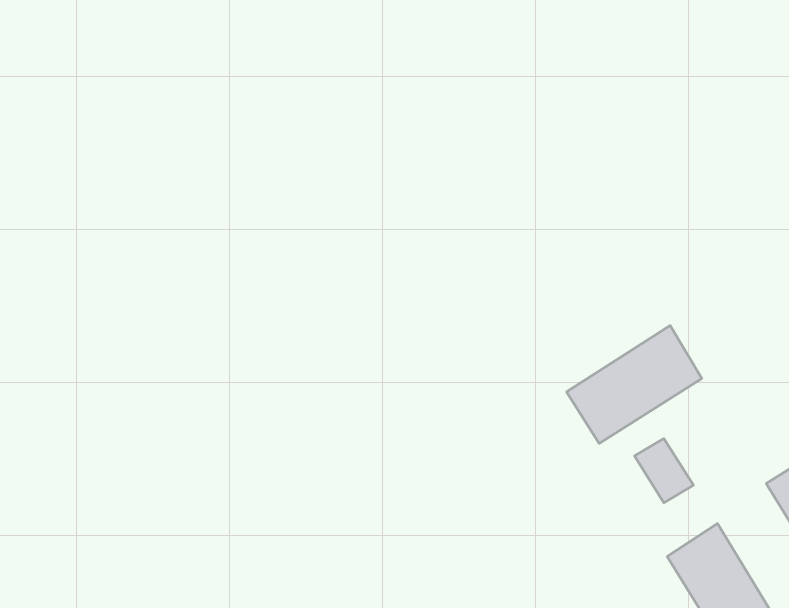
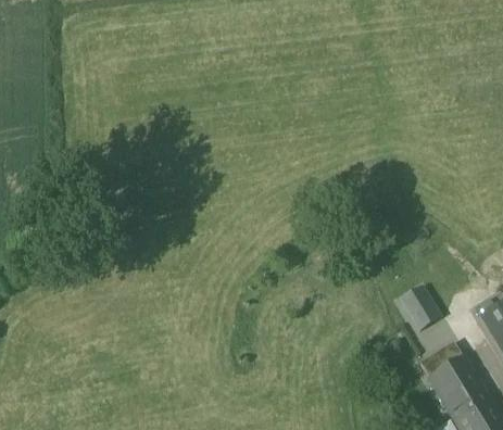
building: [567,325,702,443] -> none

